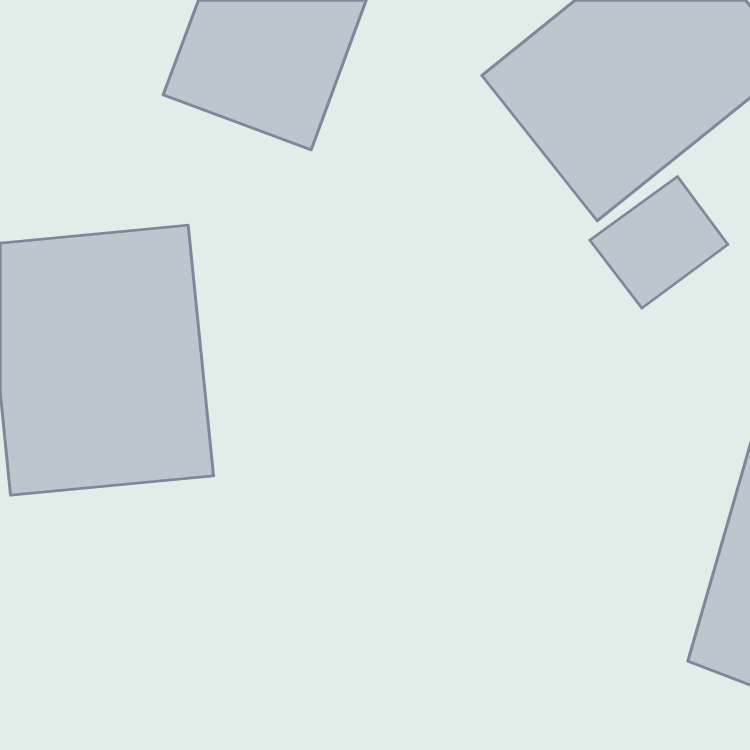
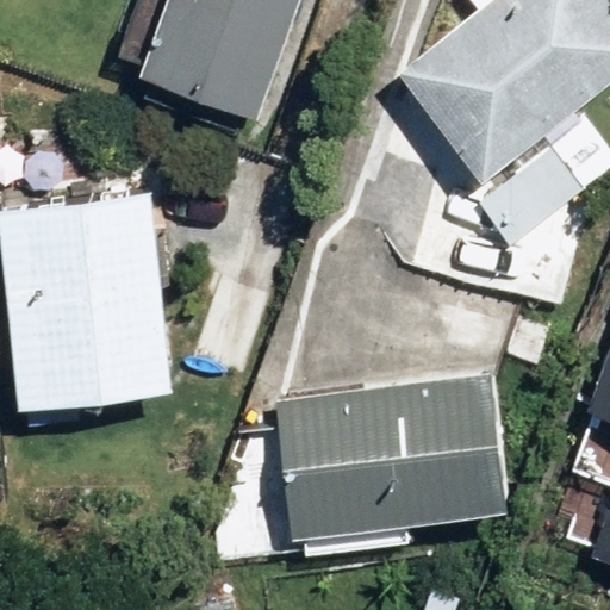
building: none -> [275,380,499,534]

